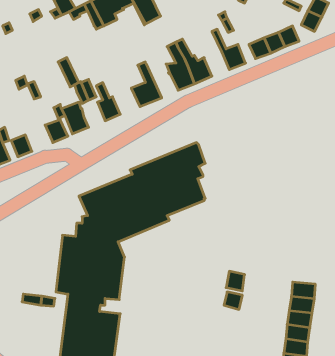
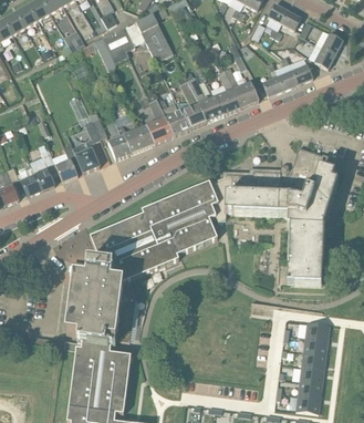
building: none -> [216,68,241,113]
building: none -> [156,96,189,135]
building: none -> [113,118,150,152]
building: none -> [31,148,59,189]
building: none -> [210,148,339,283]

